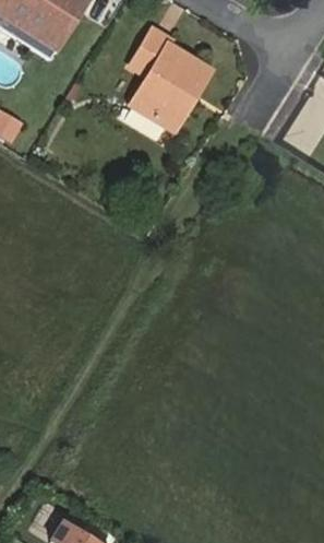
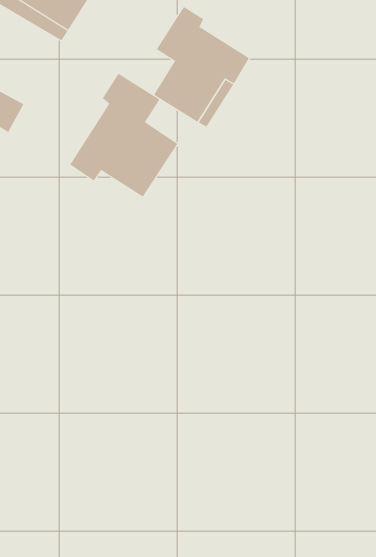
building: none -> [70,73,178,197]

